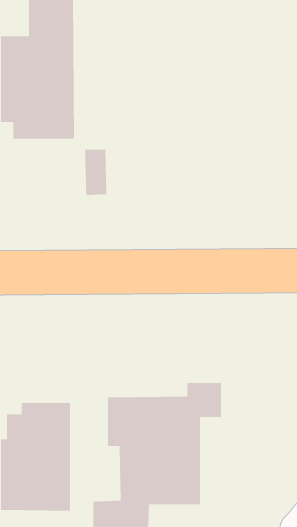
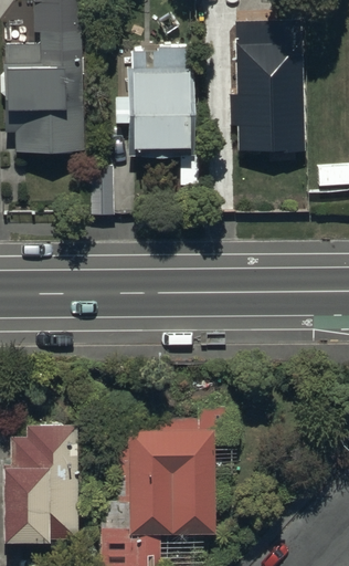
building: none -> [228,18,306,149]
building: none -> [129,48,198,151]

